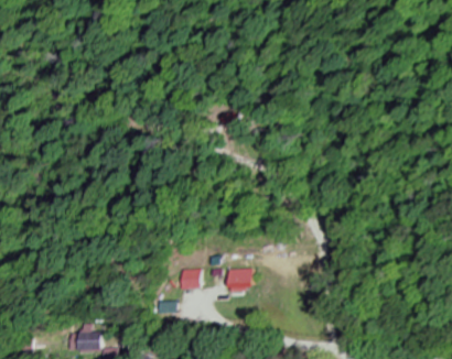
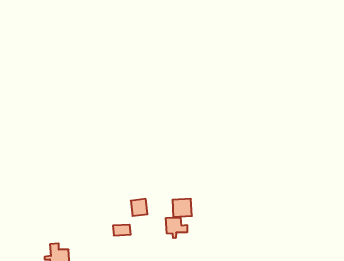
building: none -> [166,217,187,238]

